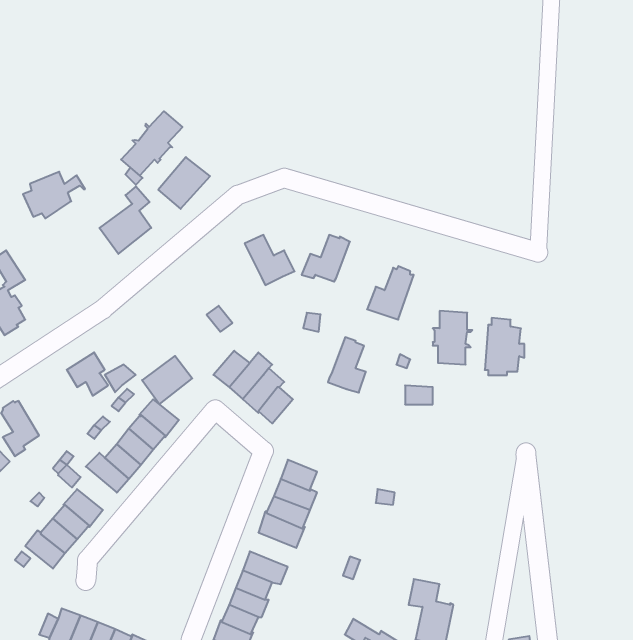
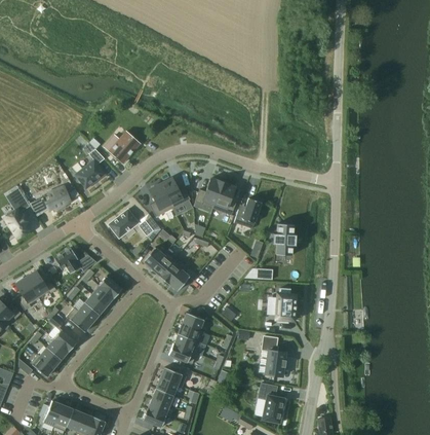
building: [121,111,182,175] -> none
building: [23,172,85,218] -> [42,184,79,212]
building: none -> [149,183,172,217]
building: [485,318,524,375] -> [274,288,298,322]
building: [328,337,366,393] -> [212,182,235,215]
building: [142,356,192,404] -> [108,209,138,238]
building: none -> [26,270,55,297]
building: none -> [261,335,285,376]

